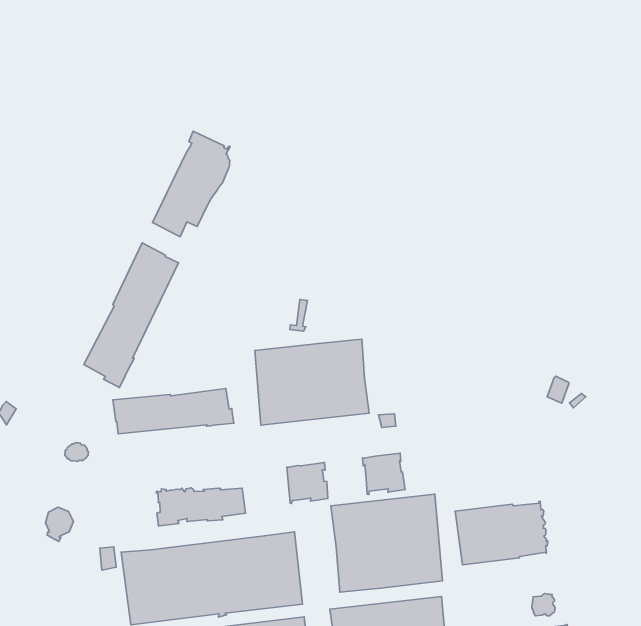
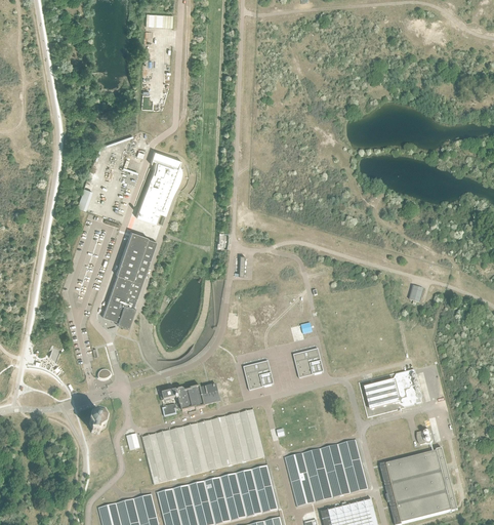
building: [255,339,369,425] -> none
building: [113,389,234,434] -> none
building: [331,494,442,592] -> none

